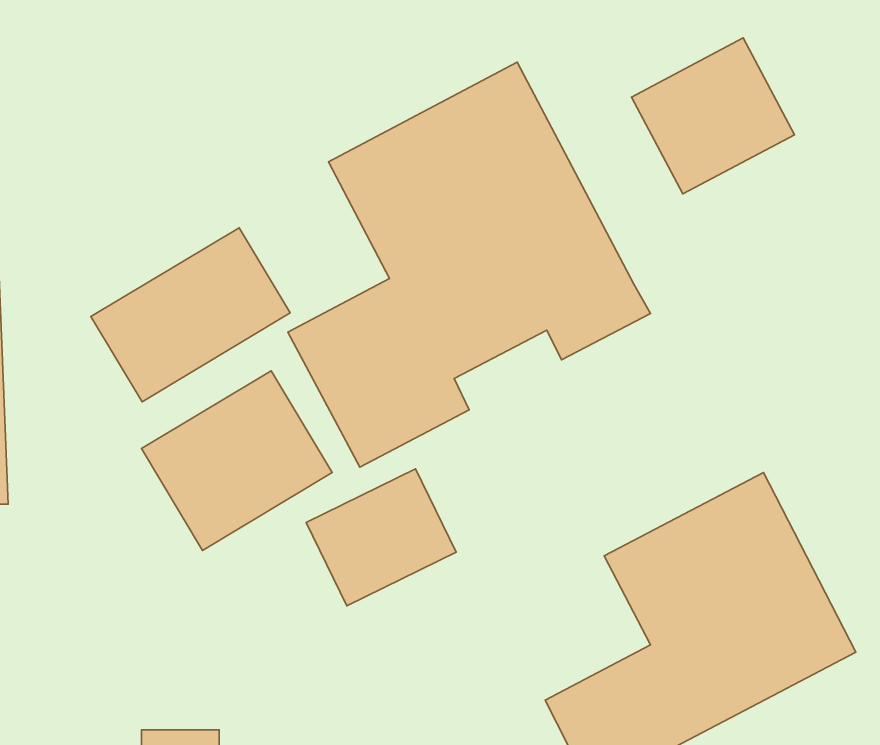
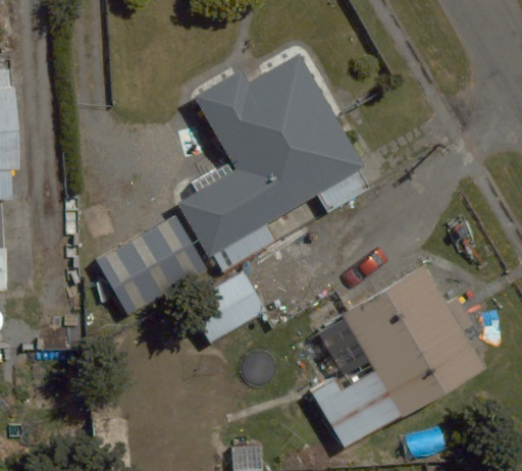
building: [631,38,794,194] -> none
building: [91,228,290,402] -> none

